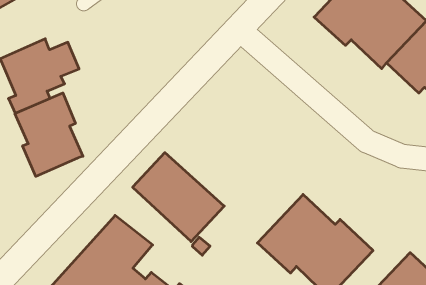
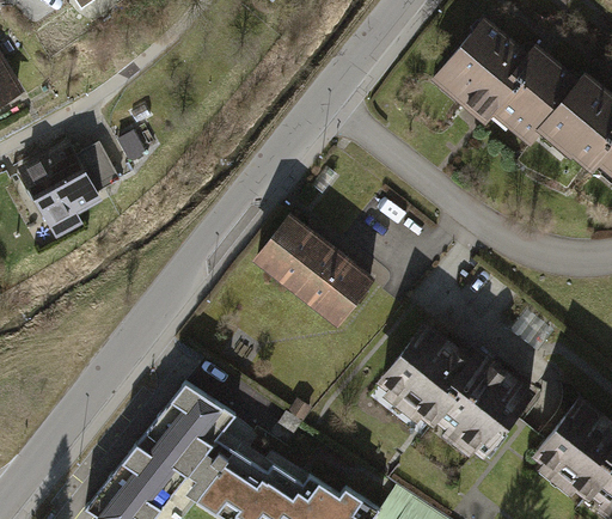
building: [15,93,83,176] -> none
building: [133,153,224,242] -> [253,212,379,329]

